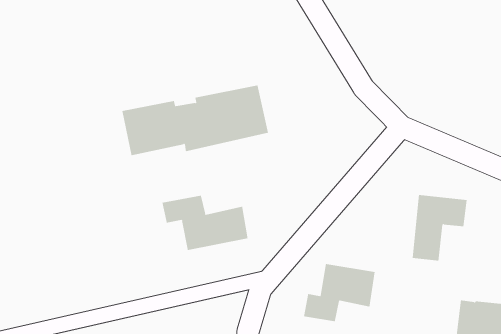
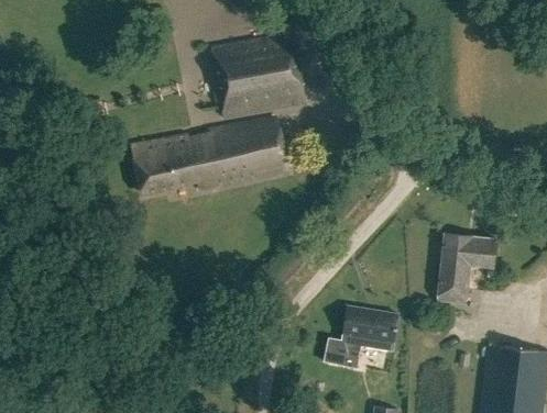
building: none -> [211,33,306,116]
building: [162,195,248,251] -> none

